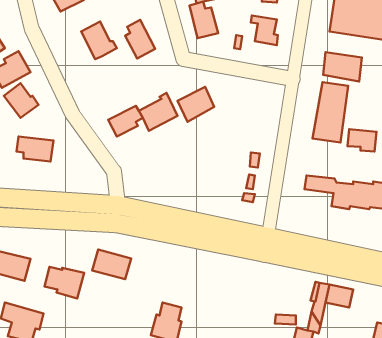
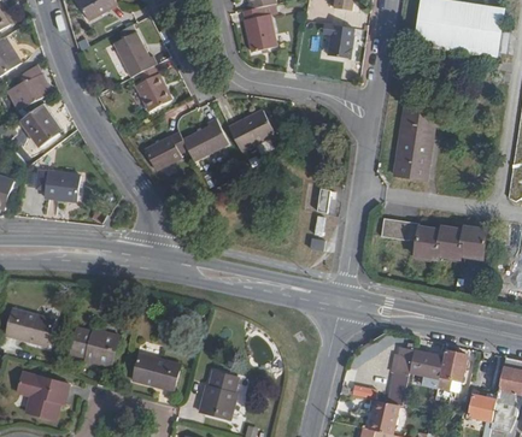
building: [125,20,155,59] -> [135,64,171,111]
building: [323,52,362,81] -> none
building: [348,129,377,151] -> none
building: [92,249,131,279] -> [130,354,177,390]
building: none -> [438,350,465,382]

